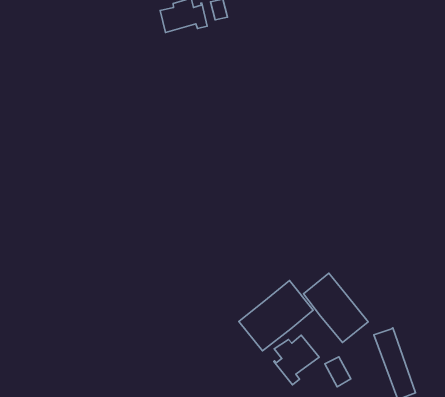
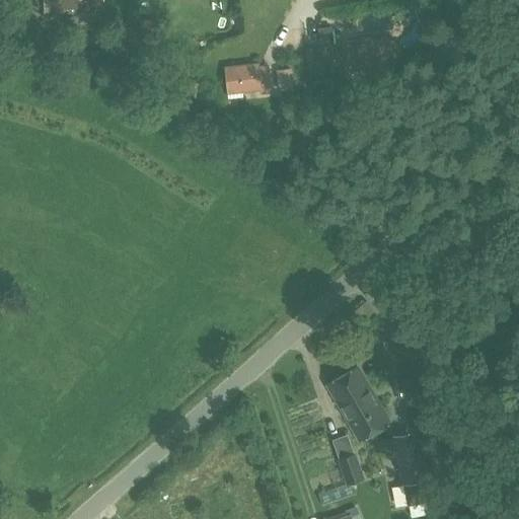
building: [239,281,313,351] -> none
building: [274,335,319,385] -> none

